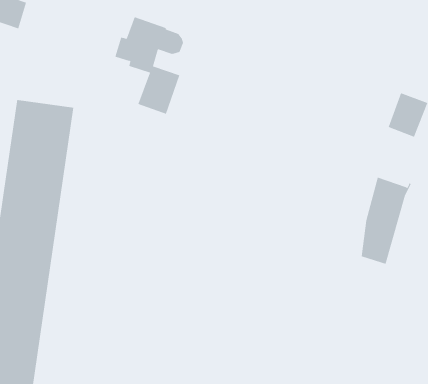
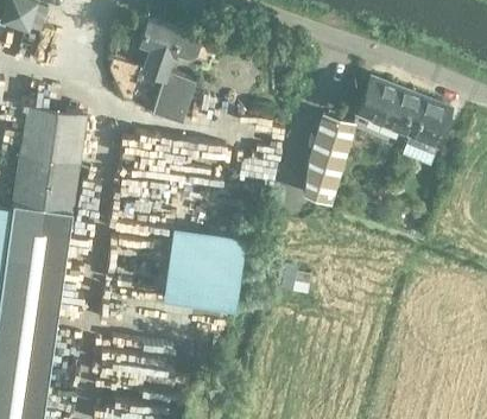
building: none -> [354,81,422,137]
building: [361,177,412,264] -> [303,115,355,205]
building: none -> [163,228,246,311]

